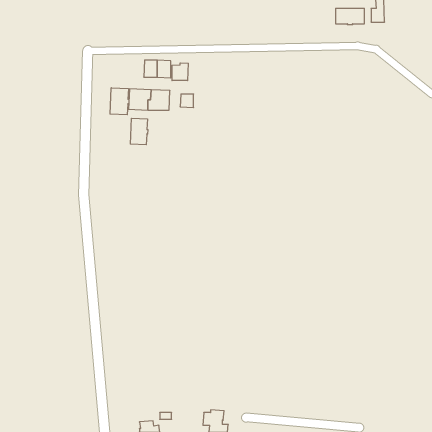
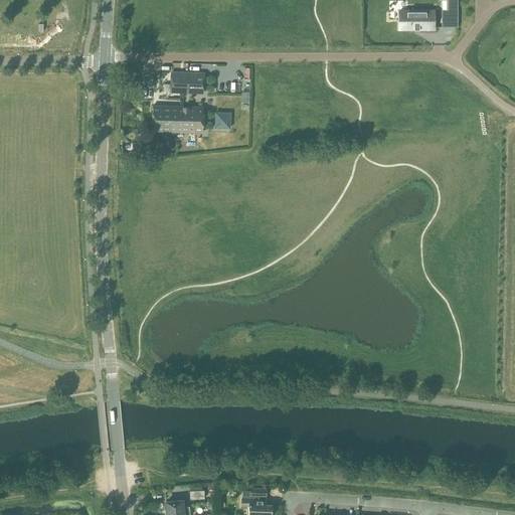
building: [172,63,188,81] -> none
building: [110,88,129,115] -> none
building: [130,118,148,145] -> none

